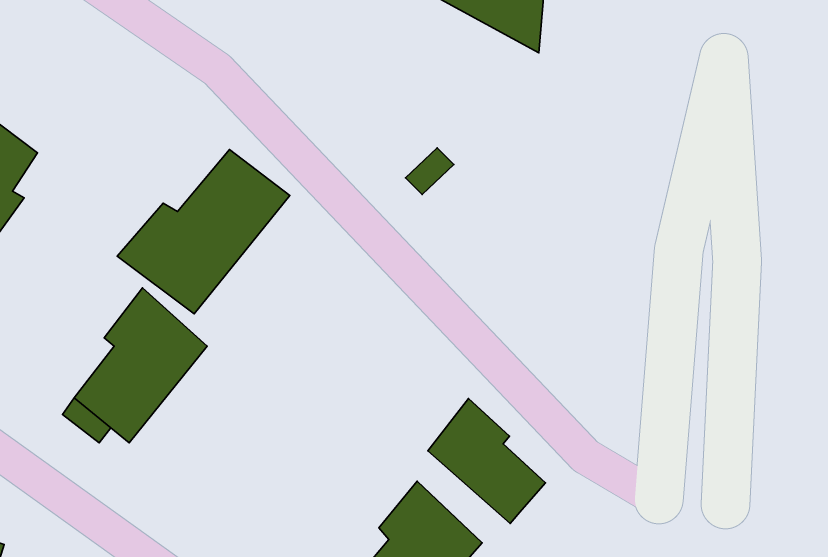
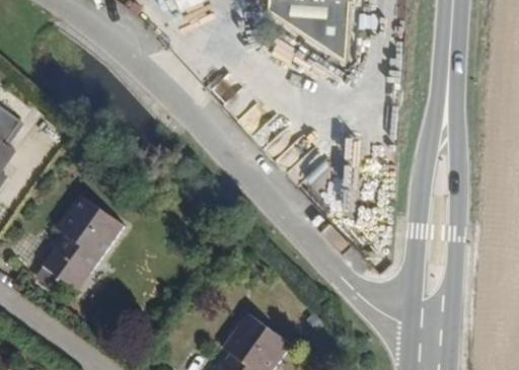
building: [117,150,290,314] -> none
building: [428,399,546,523] -> none

